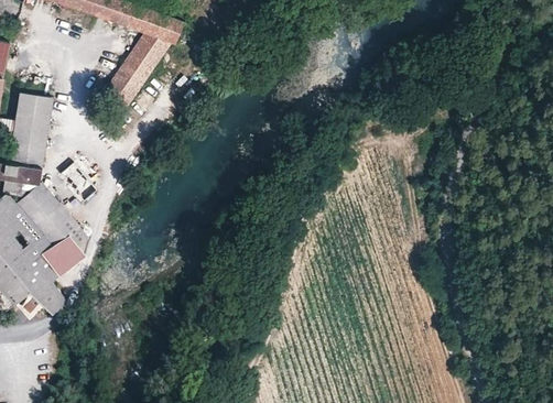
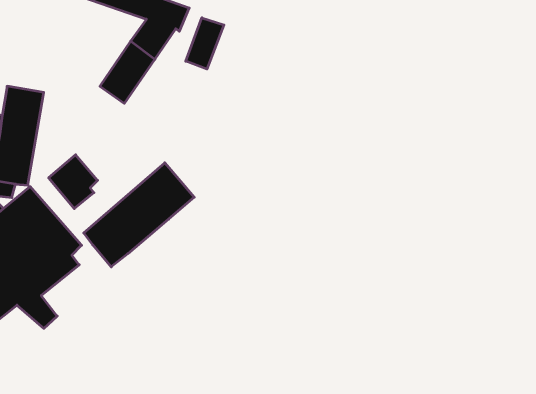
building: none -> [186,18,224,69]
building: none -> [84,163,194,267]

